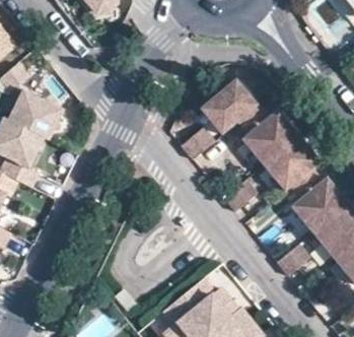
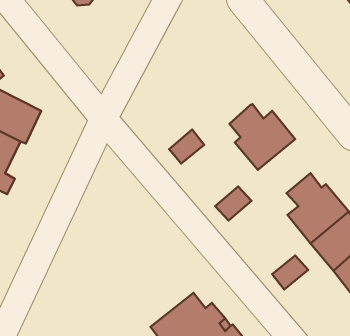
building: [201,78,257,133] -> none
building: [264,135,320,190] -> none

